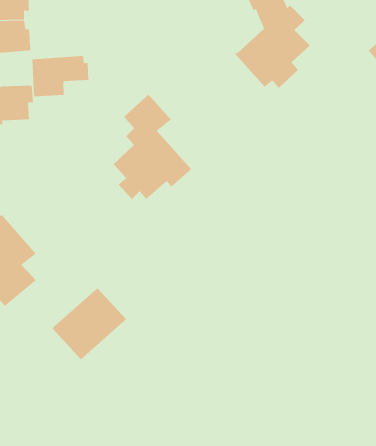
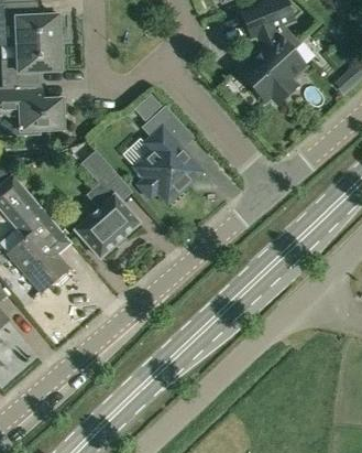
building: [32,55,89,97] -> none
building: none -> [81,150,119,190]
building: [52,287,127,360] -> [74,194,139,257]

